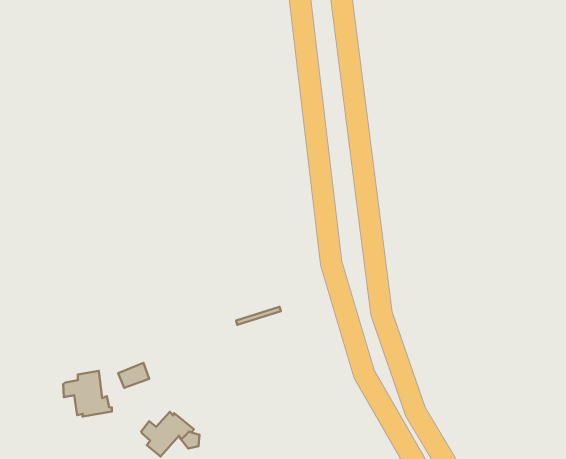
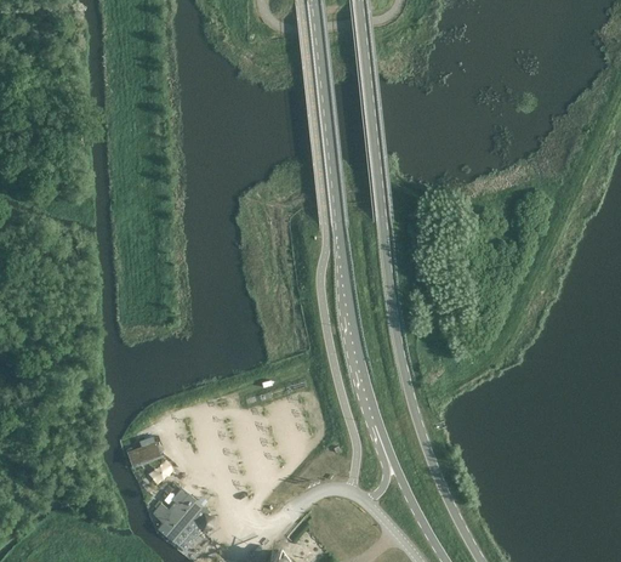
building: [63,371,112,416] -> none

